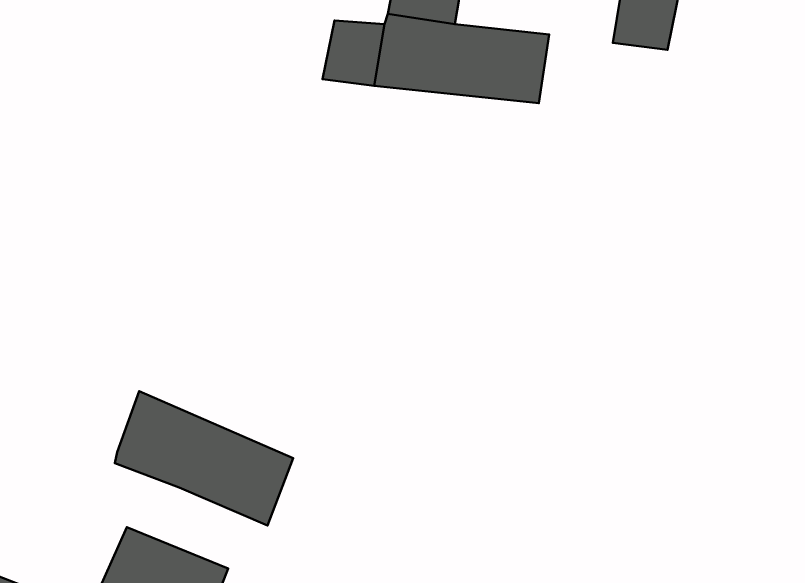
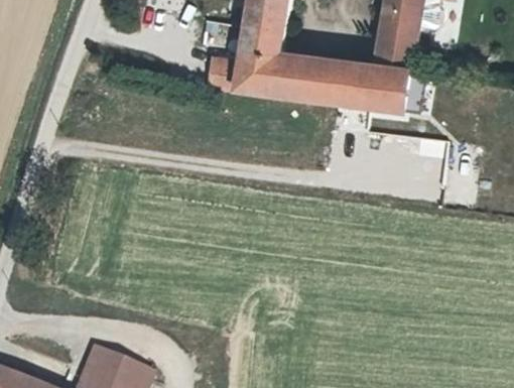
building: none -> [331,58,406,108]
building: [115,391,293,525] -> none

